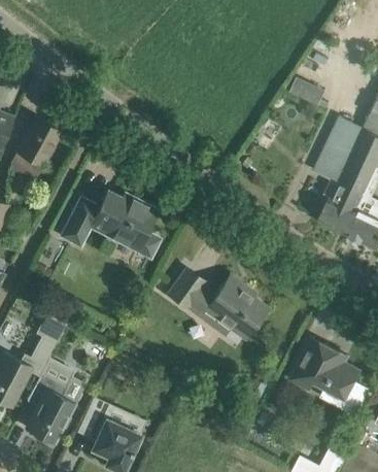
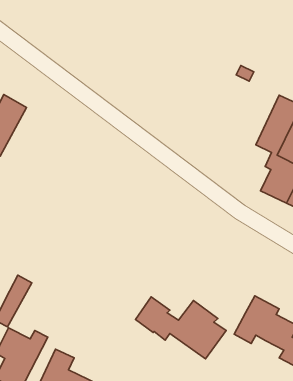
building: [62,192,160,258] -> none
building: [169,270,269,338] -> [135,297,226,359]

